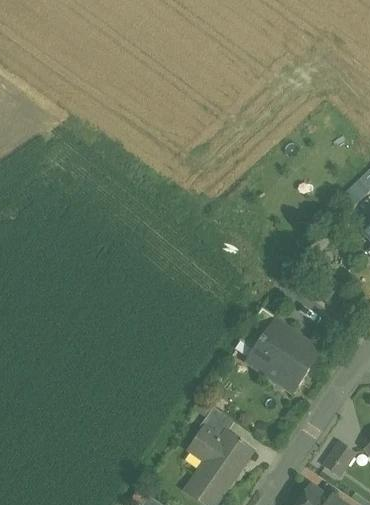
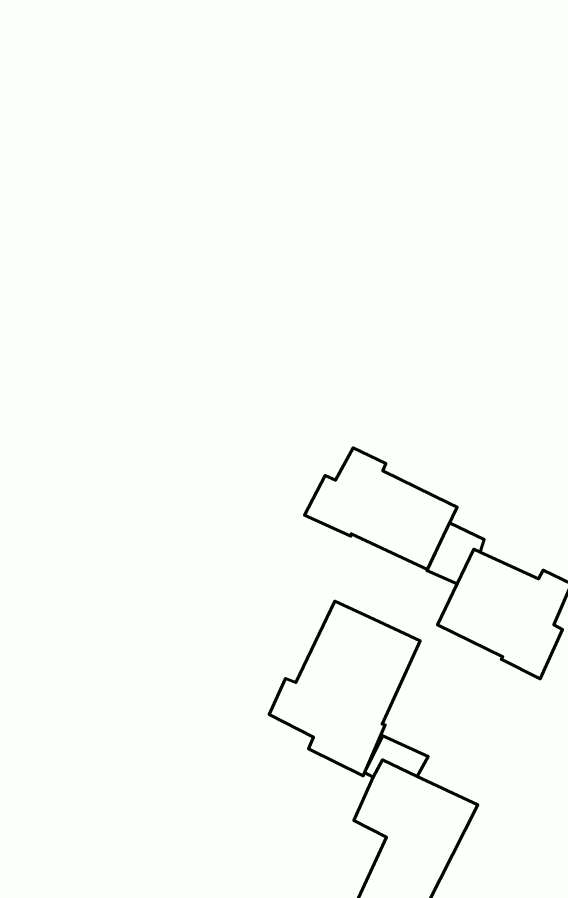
building: none -> [304,448,457,569]
building: none -> [269,601,420,776]

